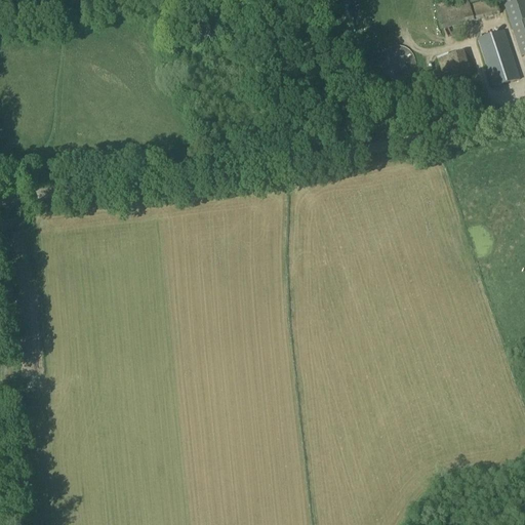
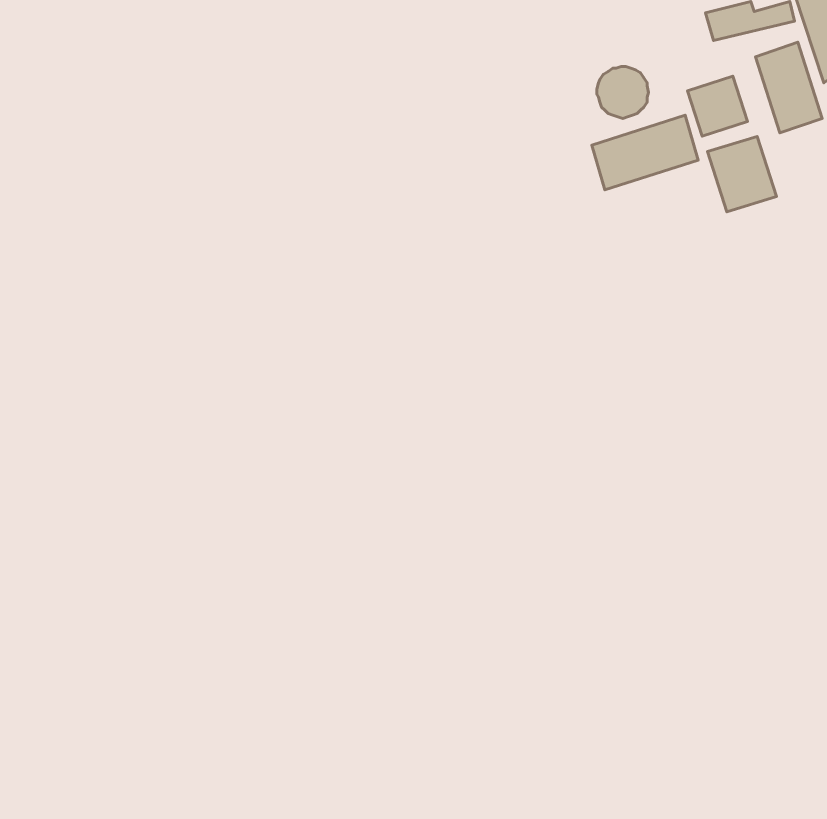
building: none -> [592,115,698,190]
building: none -> [707,136,777,212]

